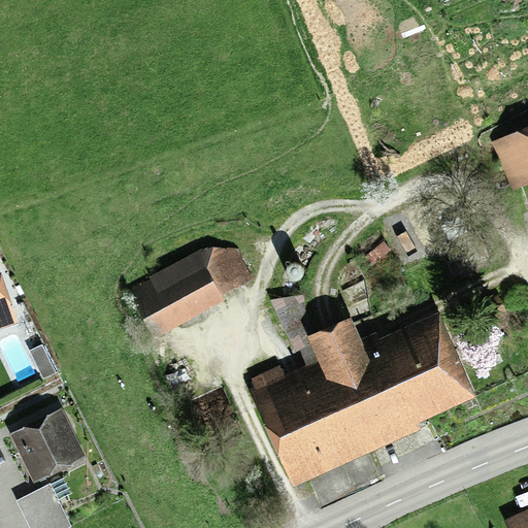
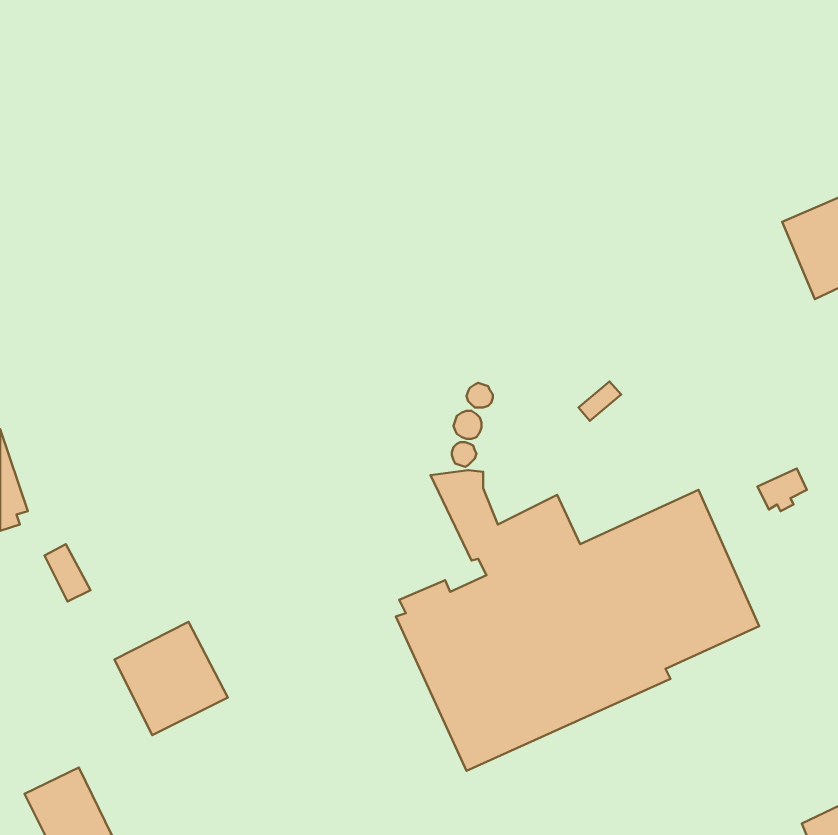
building: [132,246,255,338] -> none
building: [9,411,80,483] -> [114,622,228,735]

